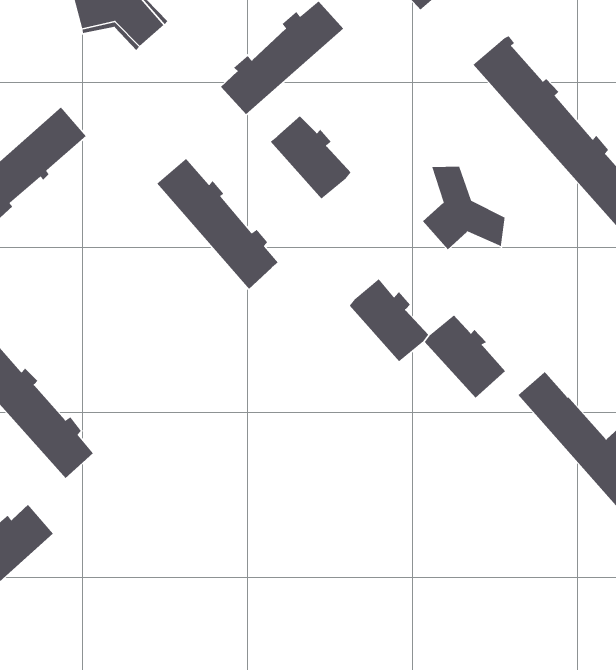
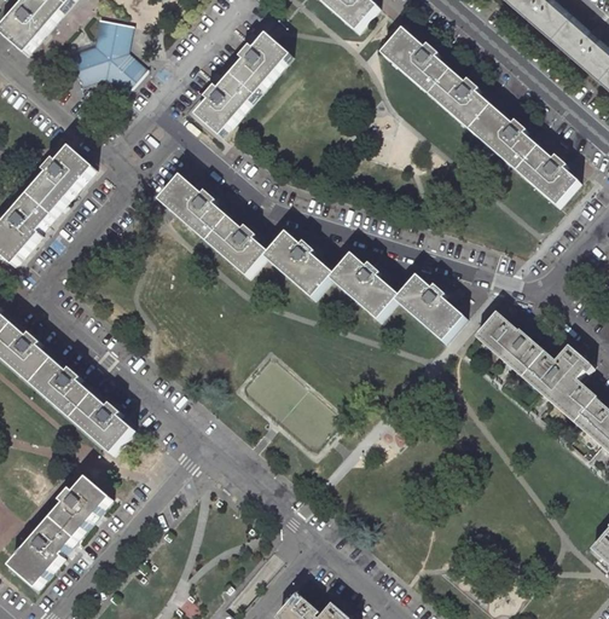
building: none -> [377,25,425,69]
building: [270,116,352,200] -> [260,231,330,297]
building: [422,166,505,250] -> none

